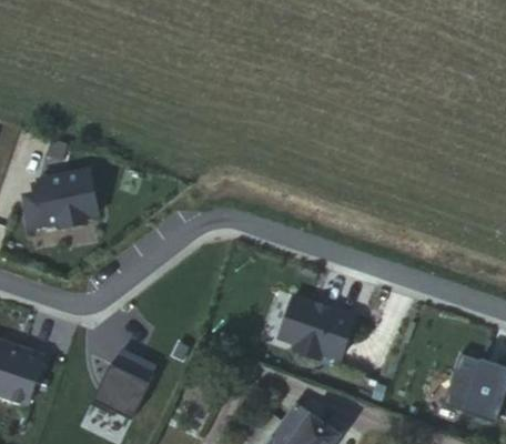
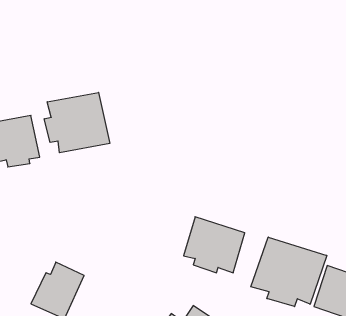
building: none -> [44,92,110,153]
building: none -> [251,237,327,307]

